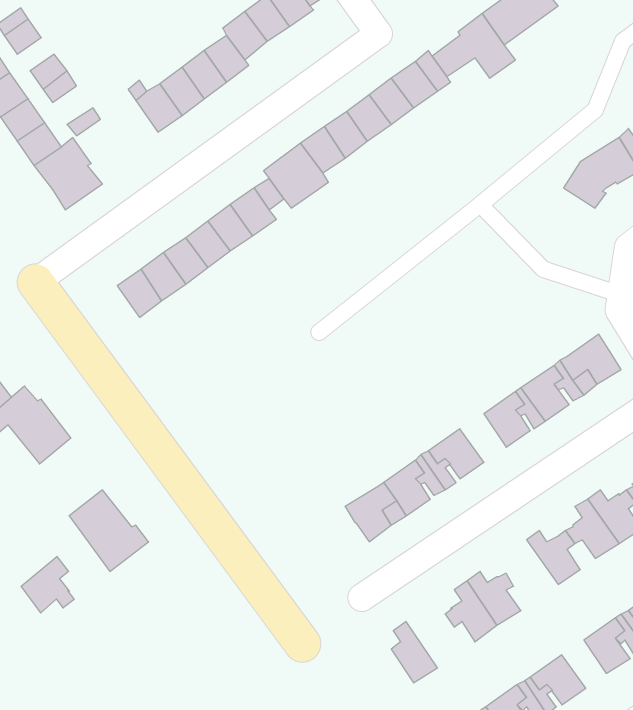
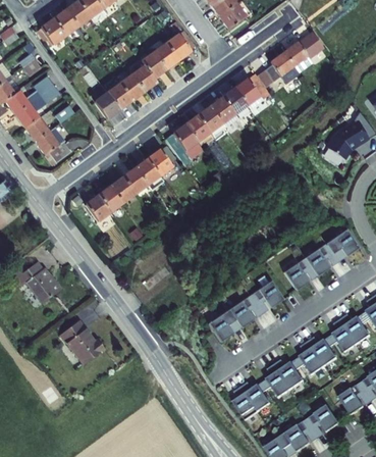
building: none -> [297,342,325,375]
building: [21,556,74,613] -> none
building: none -> [241,382,271,412]

